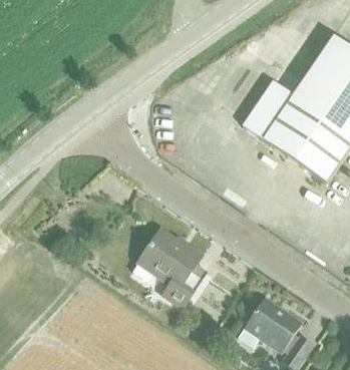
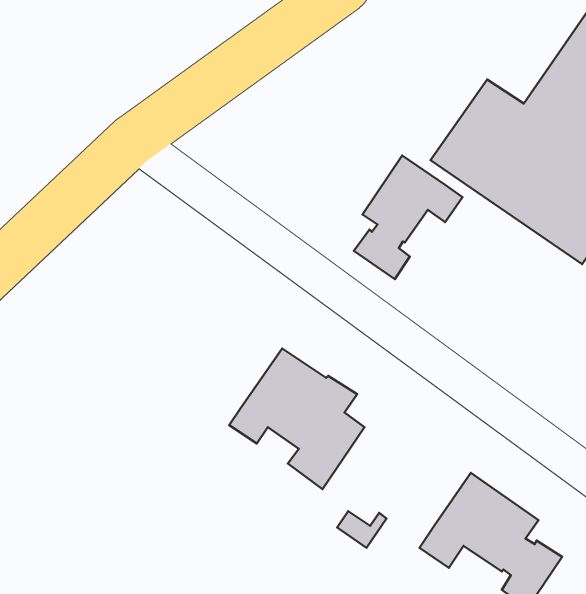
building: none -> [354,156,462,279]

